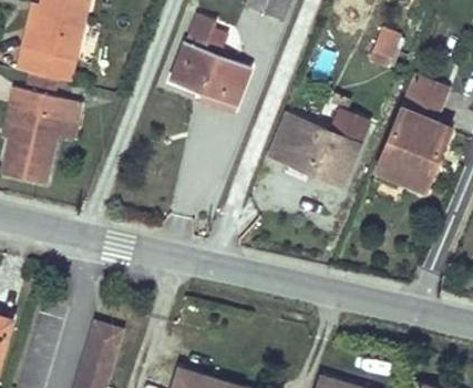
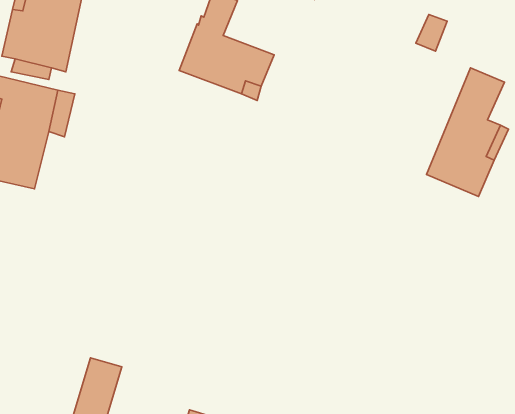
building: [270,106,367,183] -> none

